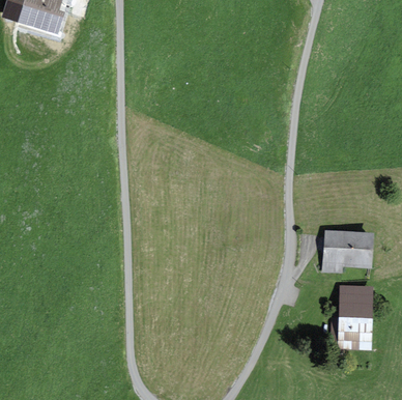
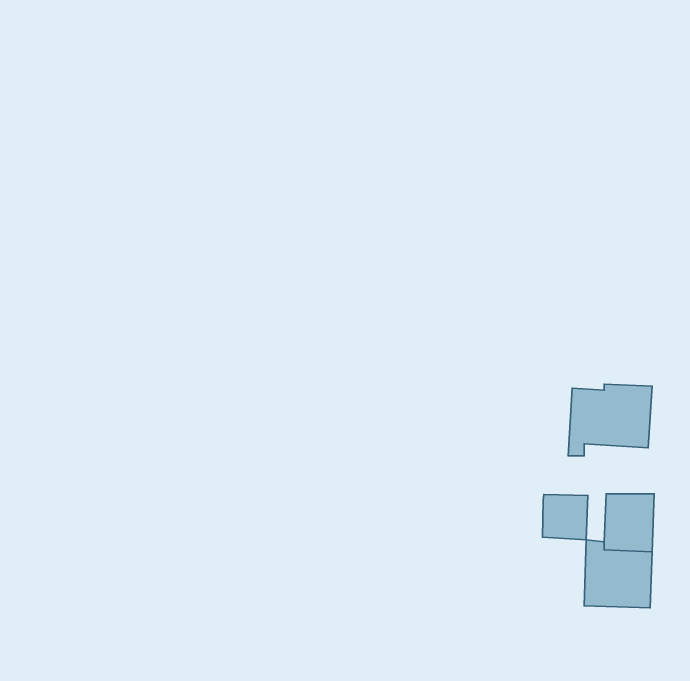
building: none -> [542,494,588,540]

